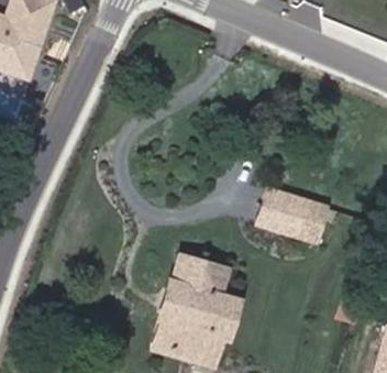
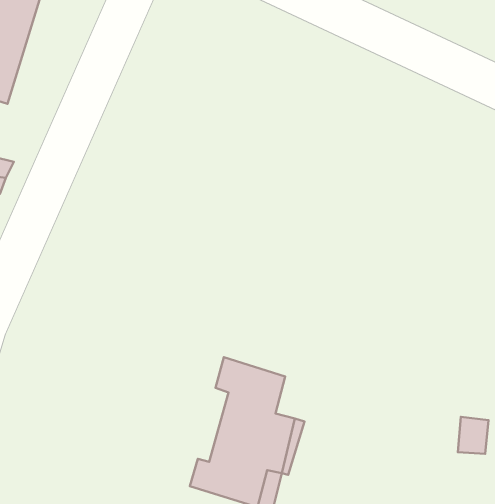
building: [256,188,322,240] -> none

